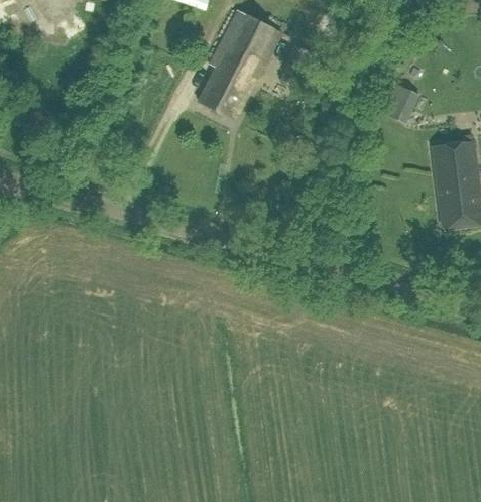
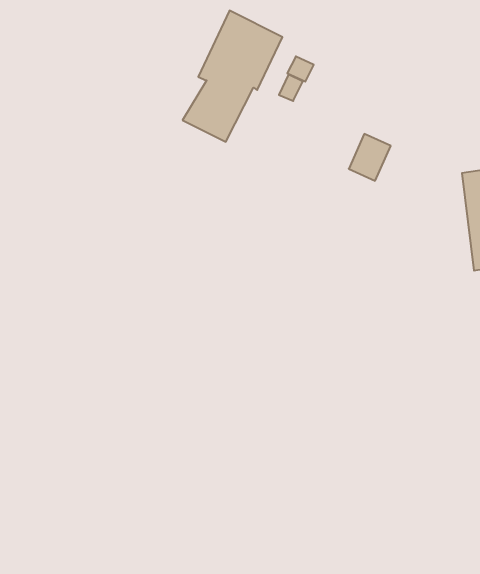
building: [381,83,416,122] -> [349,134,391,181]

